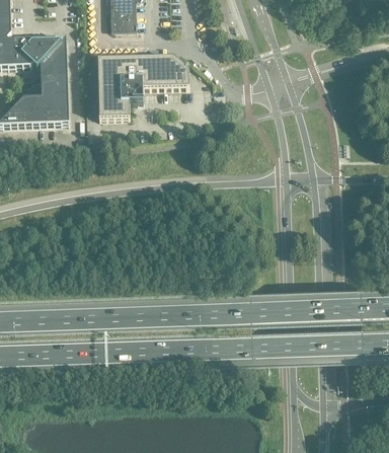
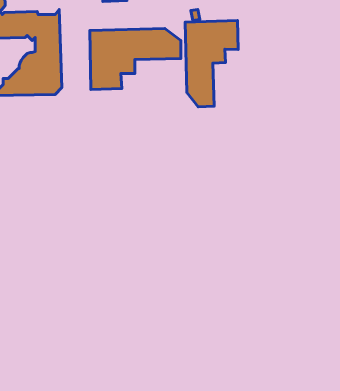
building: none -> [185,20,238,107]

